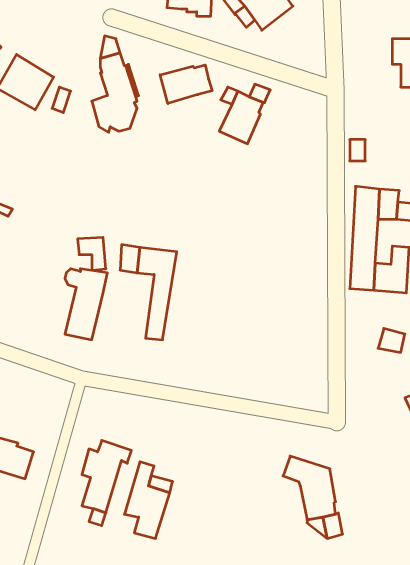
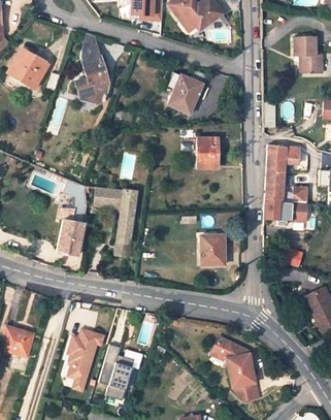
building: [160,65,212,104] -> none
building: none -> [197,136,218,167]
building: none -> [200,234,225,264]

